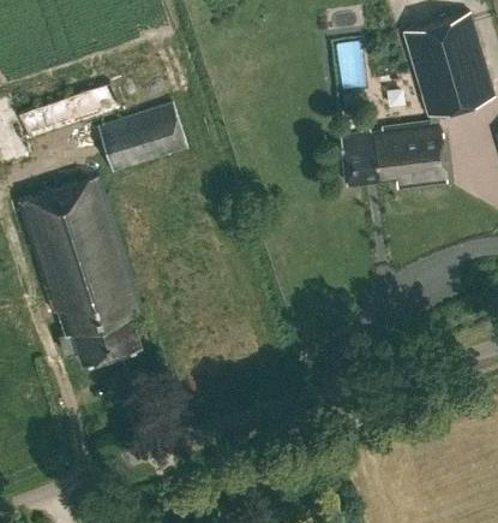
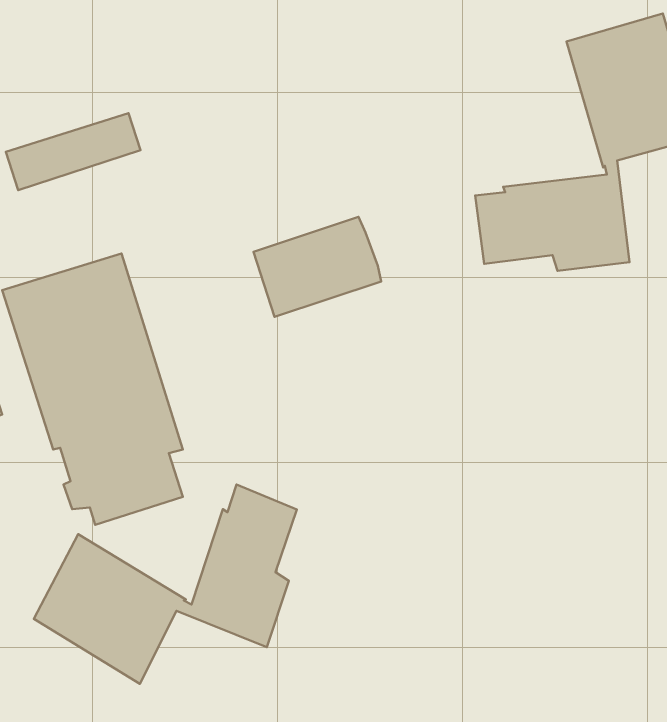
building: [100,105,187,173] -> [253,217,381,317]
building: none -> [34,485,297,684]

